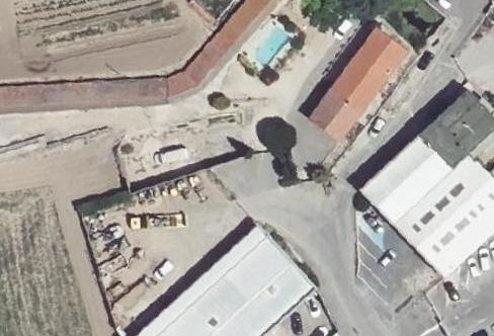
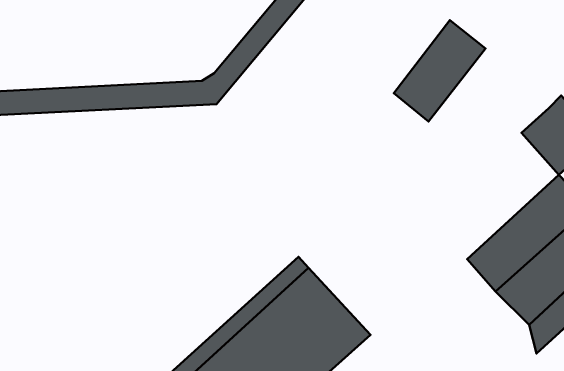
building: [311,88,362,140] -> none
building: [362,120,469,224] -> none

